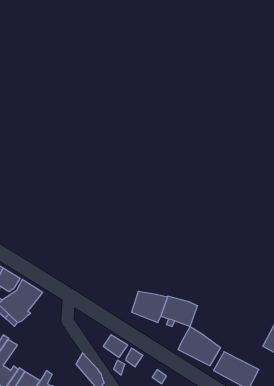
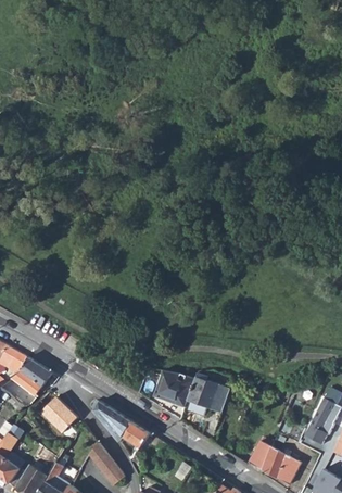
building: none -> [41,396,77,433]
building: none -> [91,402,129,440]
building: [178,326,221,366] -> none

